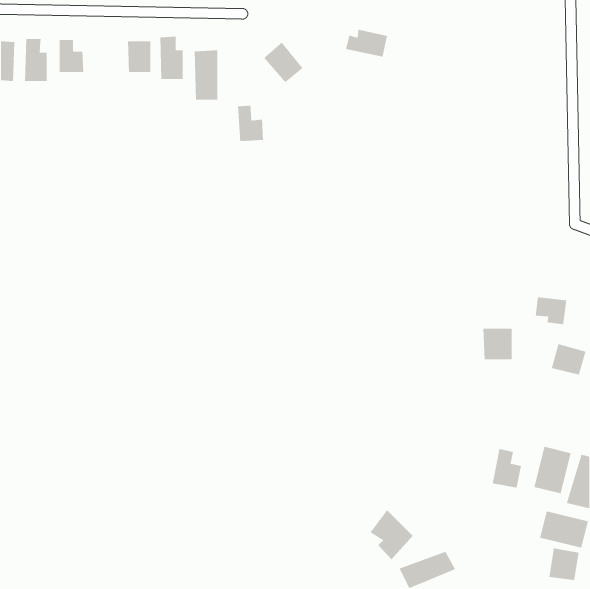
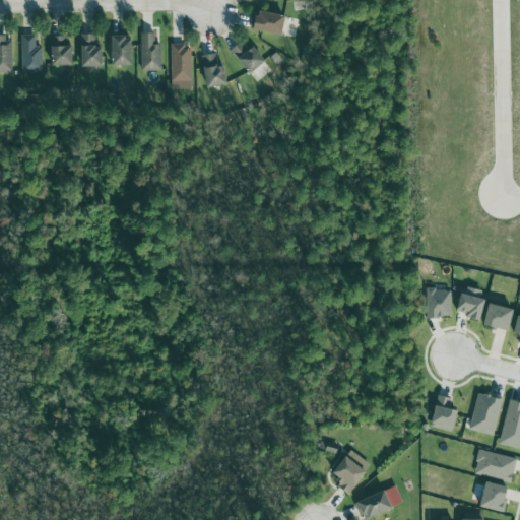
building: [345,29,388,58] -> [250,9,287,35]
building: none -> [81,32,104,66]
building: [237,105,264,142] -> [204,53,228,85]
building: [535,296,567,325] -> [458,294,486,319]

